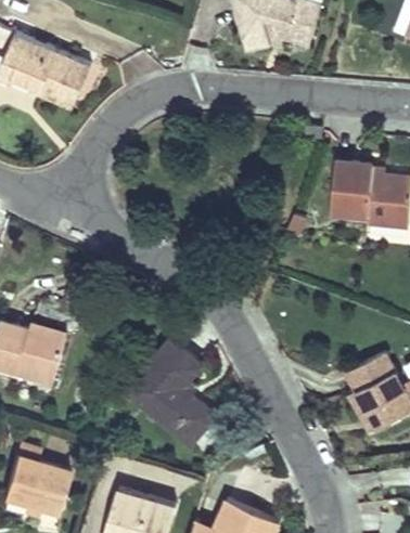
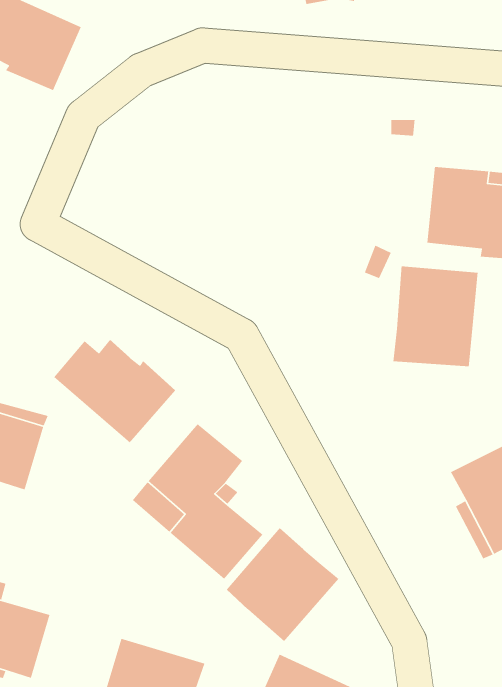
building: none -> [393,266,479,367]
building: none -> [53,339,176,443]
building: none -> [226,527,339,642]

